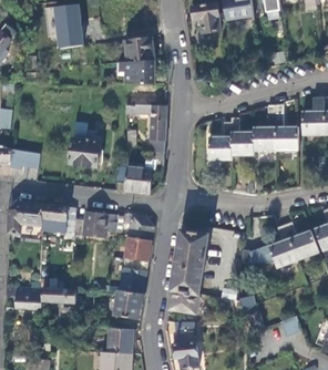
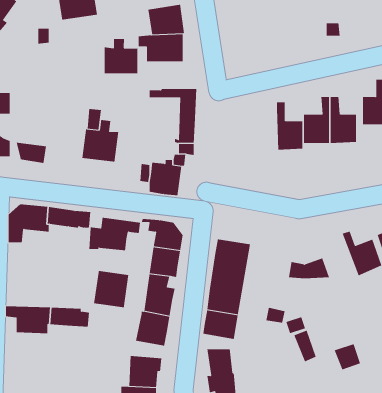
building: none -> [104,38,138,74]
building: [209,121,232,161] -> none
building: [269,225,298,268] -> none
building: none -> [94,270,129,308]

